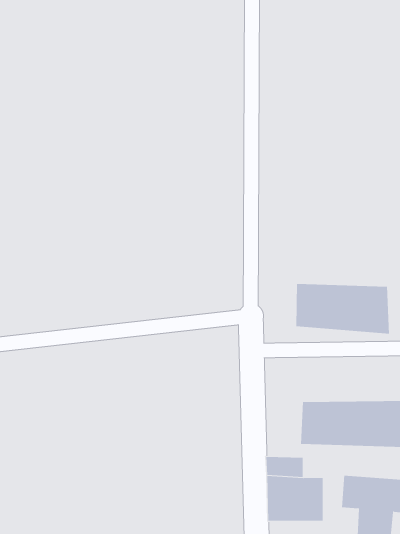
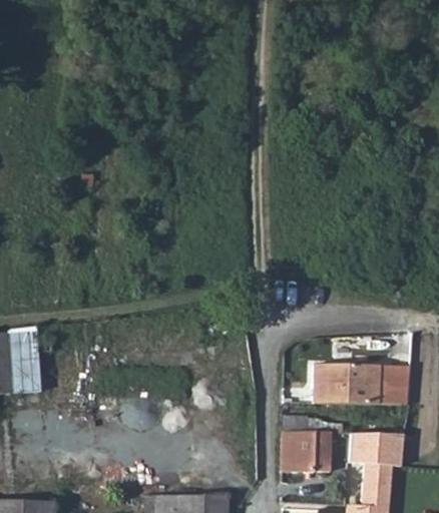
building: [296,283,389,334] -> none

